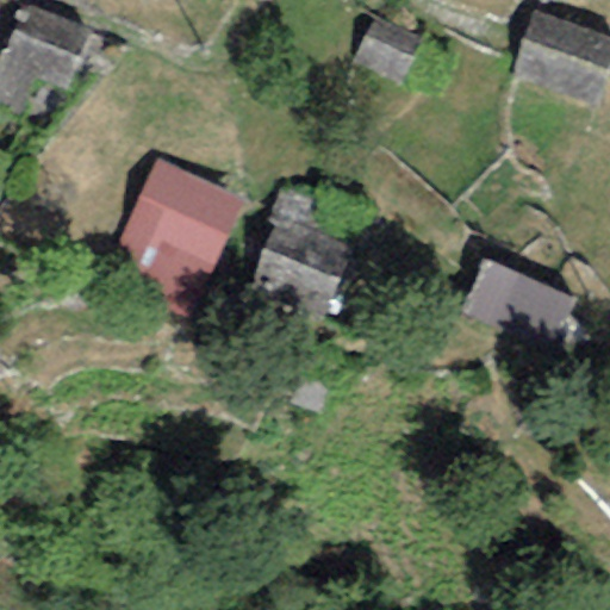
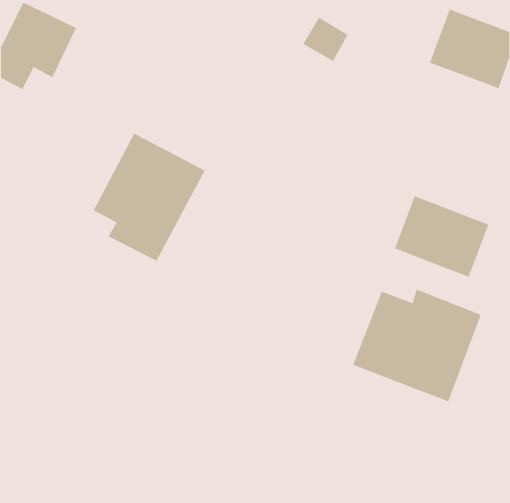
building: [253,219,344,306] -> none
building: none -> [352,289,481,402]

